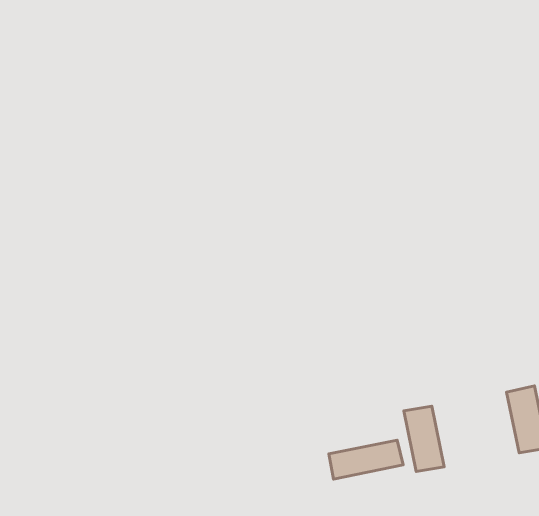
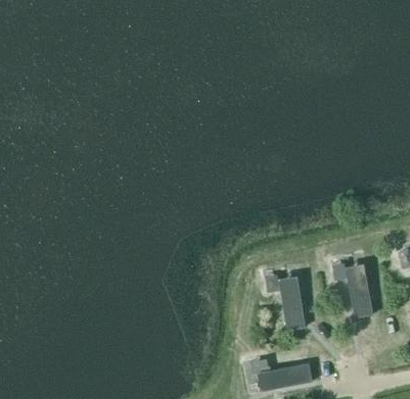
building: [329,440,403,479] -> none

